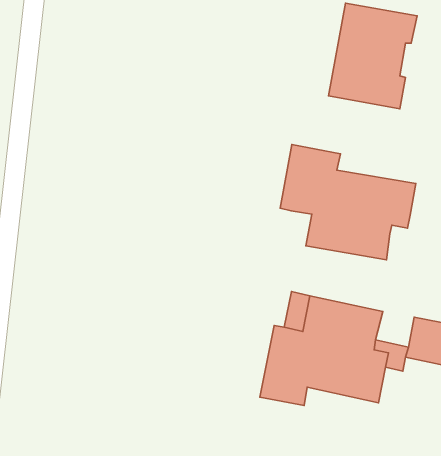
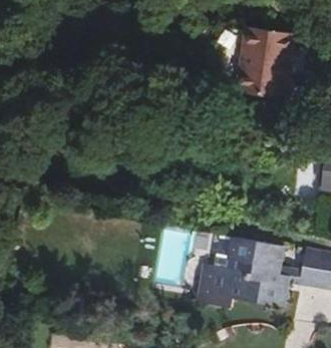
building: [280,145,416,260] -> none

